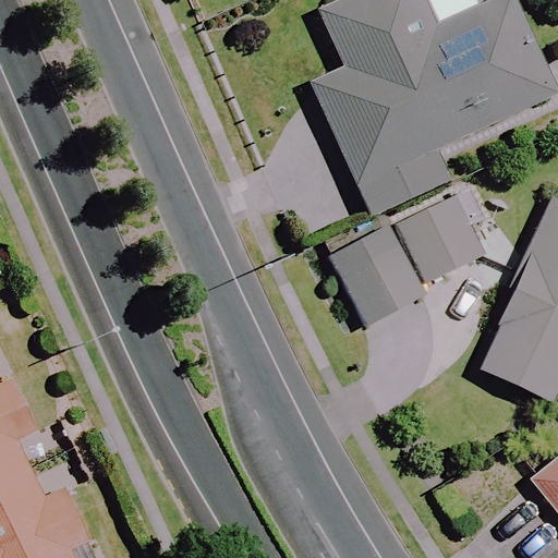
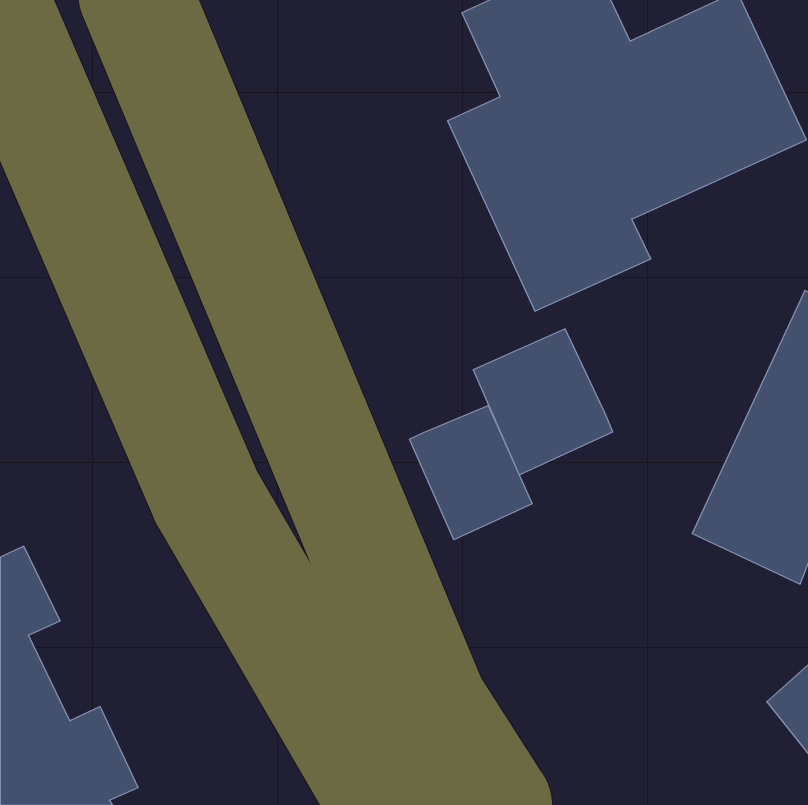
building: [390,195,485,283] -> none
building: none -> [410,405,532,540]

